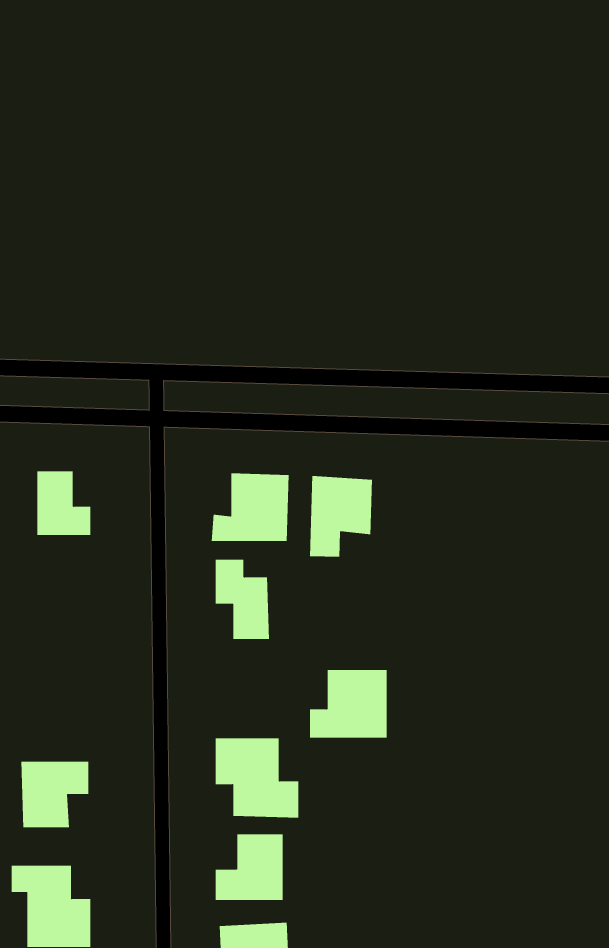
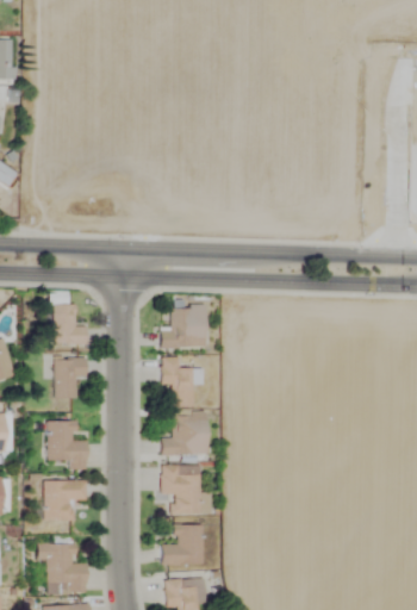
building: [310,475,372,558] -> none
building: none -> [55,359,87,398]
building: none -> [48,421,87,469]
building: [309,670,387,738] -> [161,413,209,455]

